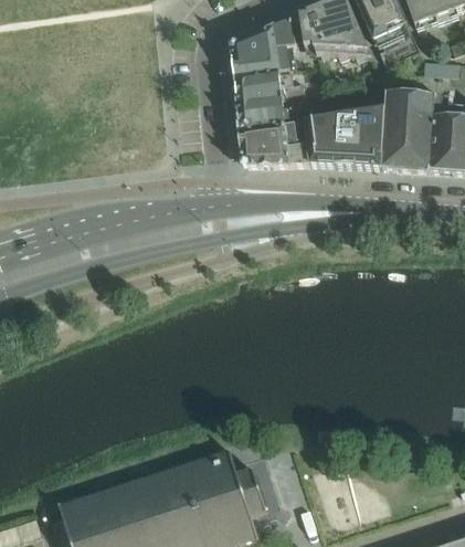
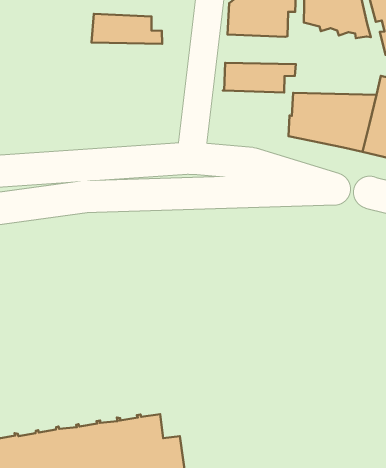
building: [234,70,304,104] -> [92,14,162,44]
building: [239,123,308,165] -> none

